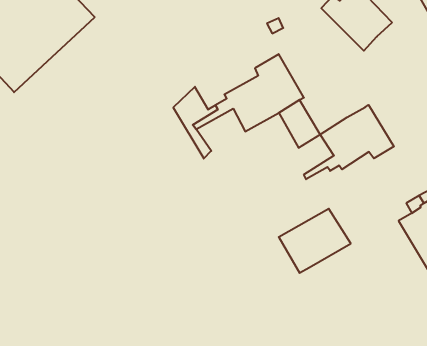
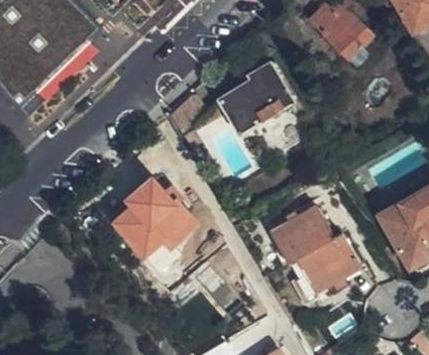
building: [304,105,394,179] -> none
building: none -> [115,181,194,262]
building: none -> [296,234,360,293]

